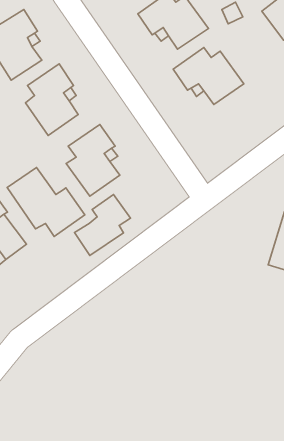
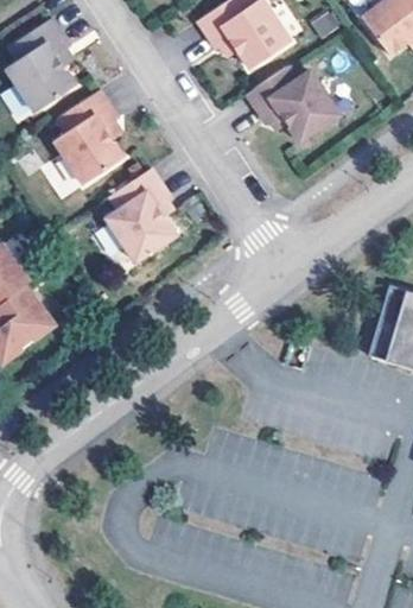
building: [7,167,85,236] -> none
building: [74,195,130,256] -> none

